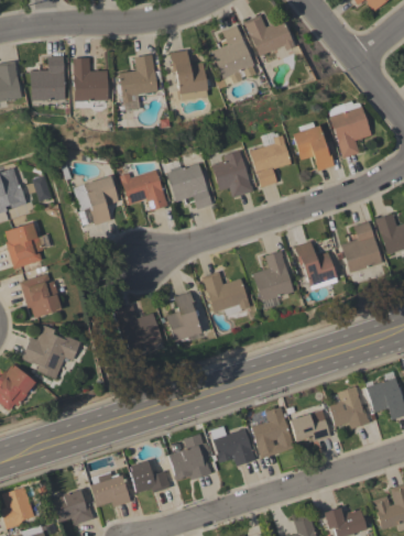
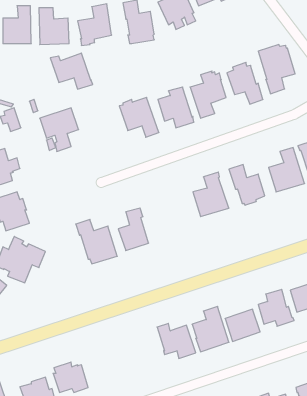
building: [119,169,168,211] -> [50,53,93,89]
building: [201,271,250,316] -> none
building: [168,433,211,480] -> none
building: [130,460,171,492] -> none

